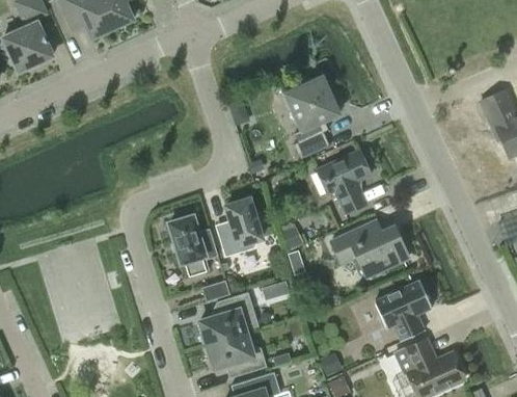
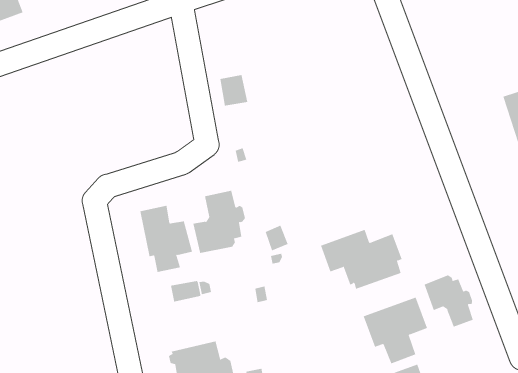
building: [283,77,338,159] -> none
building: [316,150,370,214] -> none
building: none -> [424,275,474,327]
building: [198,293,257,345] -> none

